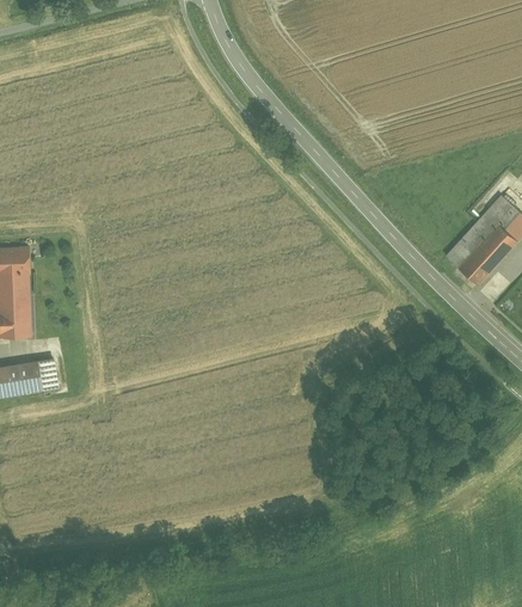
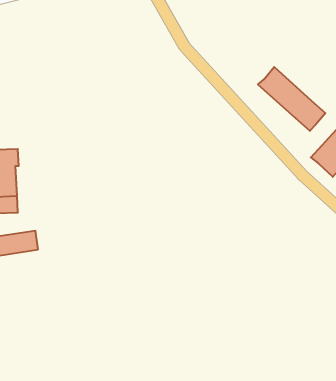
building: none -> [258,67,325,131]

